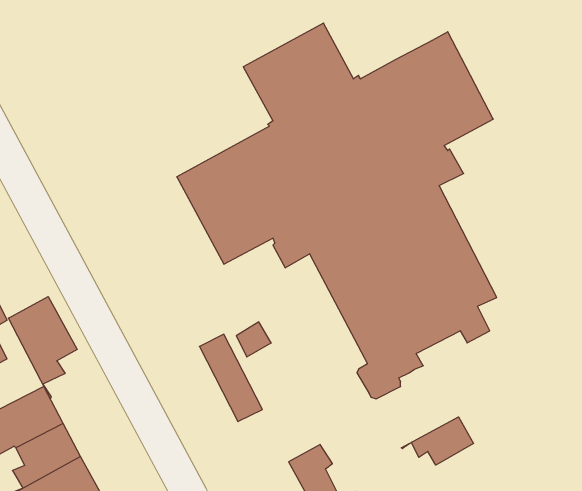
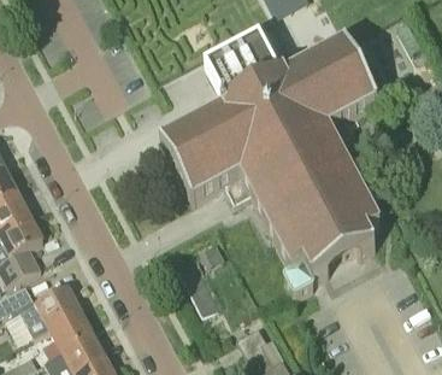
building: [8,297,77,398] -> none
building: [401,417,474,465] -> none

